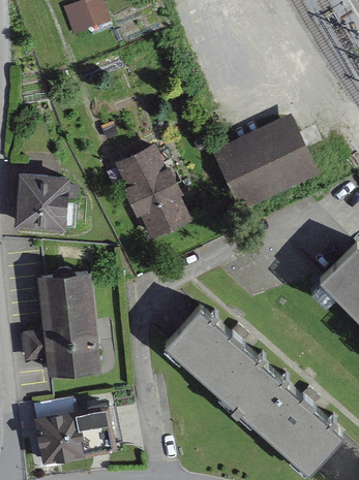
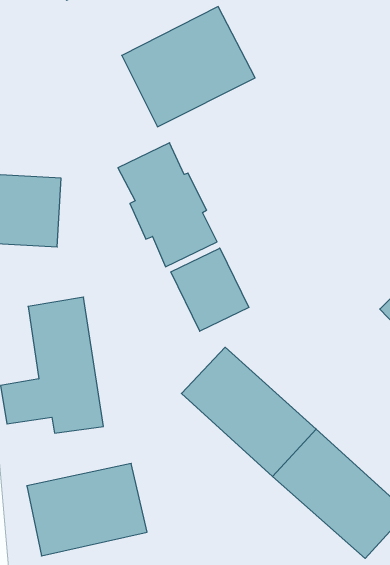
building: [213,116,318,210] -> [122,7,255,127]
building: none -> [171,248,249,331]

